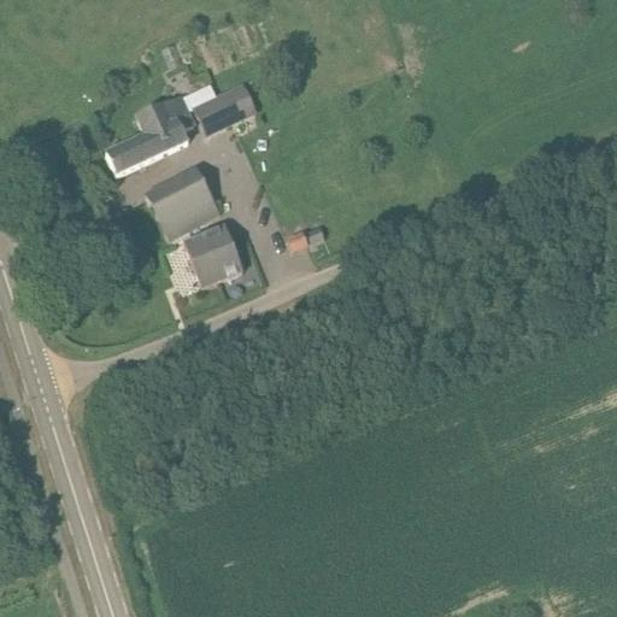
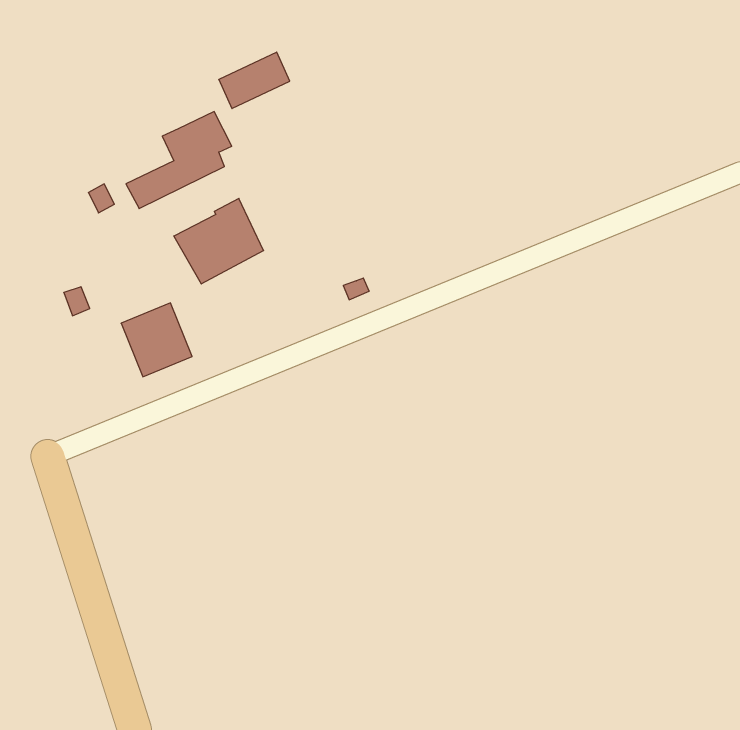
building: [194,84,253,131] -> [219,52,290,109]
building: [183,224,242,286] -> [121,303,192,377]

